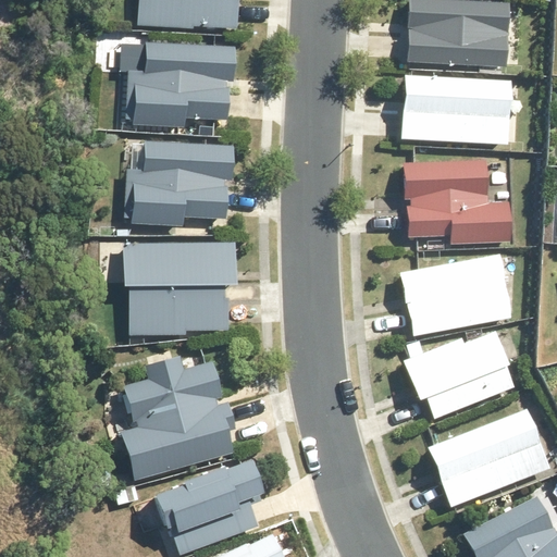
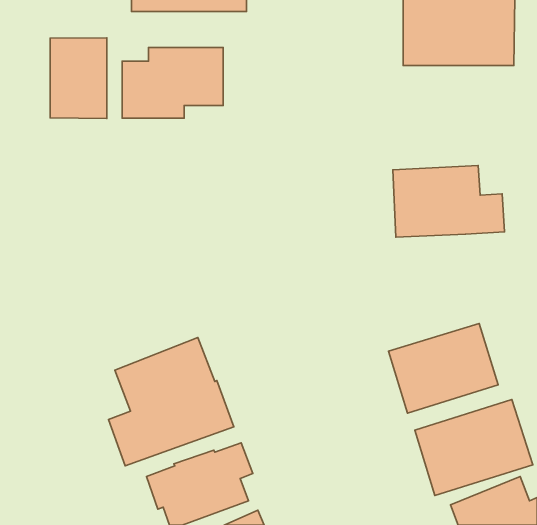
building: none -> [50,38,107,118]
building: [401,81,524,154] -> none
building: [127,147,233,221] -> none
building: [129,240,227,311] -> none
building: [392,245,513,344] -> none

